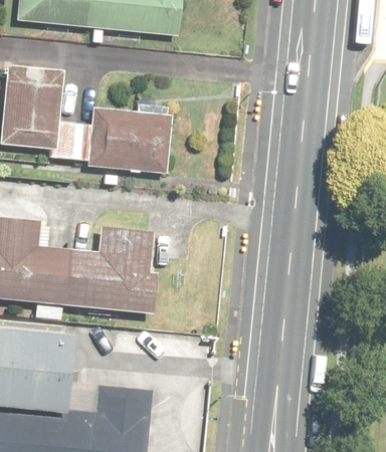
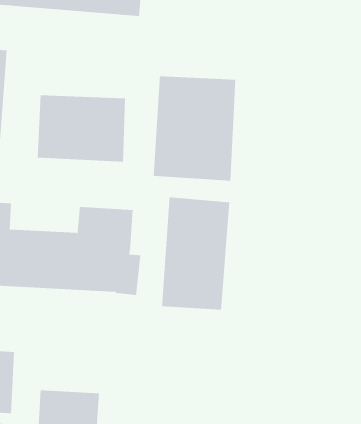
building: none -> [153,75,236,182]
building: none -> [162,197,230,311]

